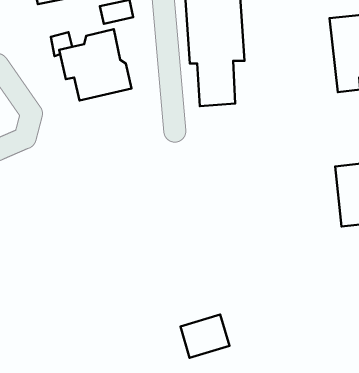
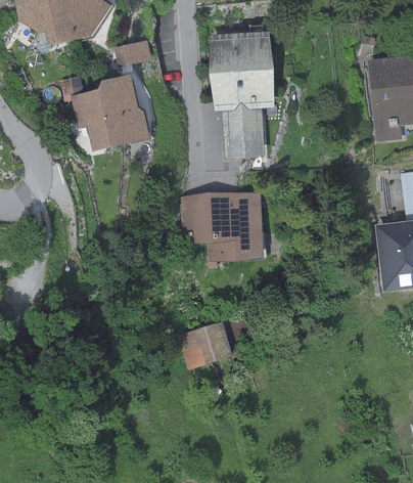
building: none -> [181,193,262,258]
building: [180,314,229,358] -> [178,321,232,369]

